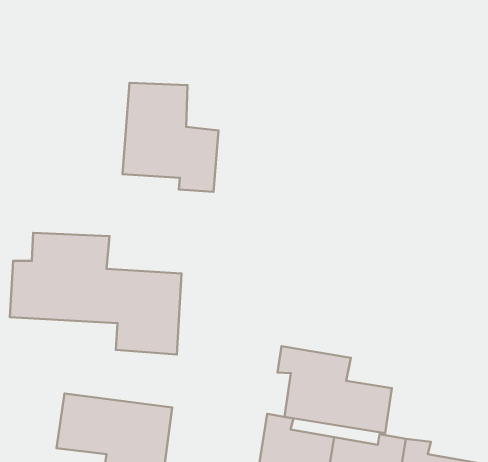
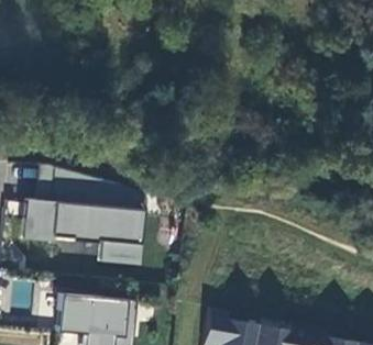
building: [123,83,218,192] -> none
building: [277,346,392,433] -> none

